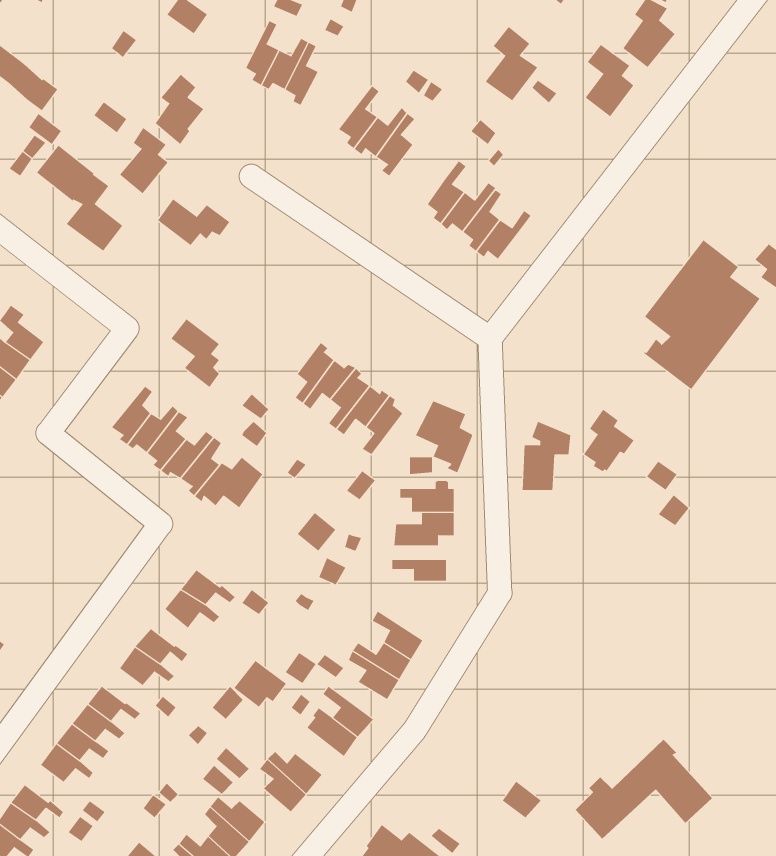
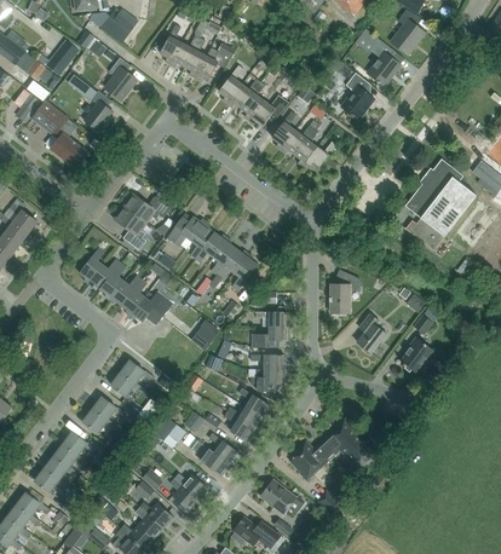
building: [485,26,538,101] -> [340,73,373,119]
building: none -> [45,39,79,75]
building: none -> [194,44,235,80]
building: none -> [248,94,287,125]
building: [157,198,230,246] -> [123,194,168,223]
building: none -> [167,215,206,246]
building: [415,401,473,473] -> none
building: [583,409,634,472] -> [356,314,387,353]
building: none -> [399,336,432,373]
building: none -> [249,368,283,391]
building: [575,739,713,840] -> [289,417,374,479]
building: none -> [260,479,304,513]

